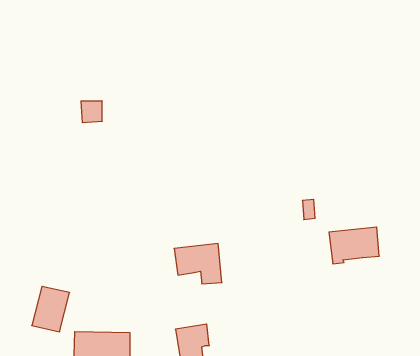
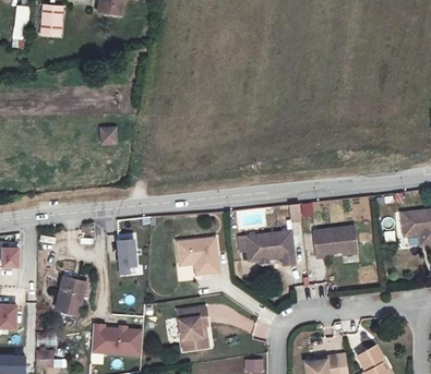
building: none -> [115,229,136,266]
building: none -> [246,230,296,267]

